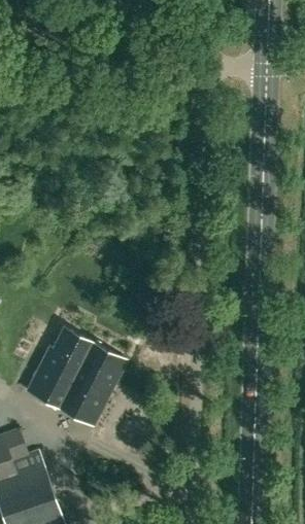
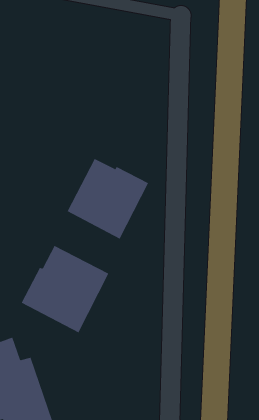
building: none -> [67,158,149,239]

